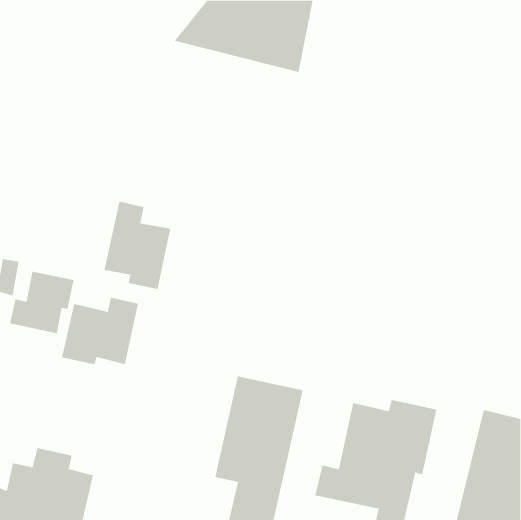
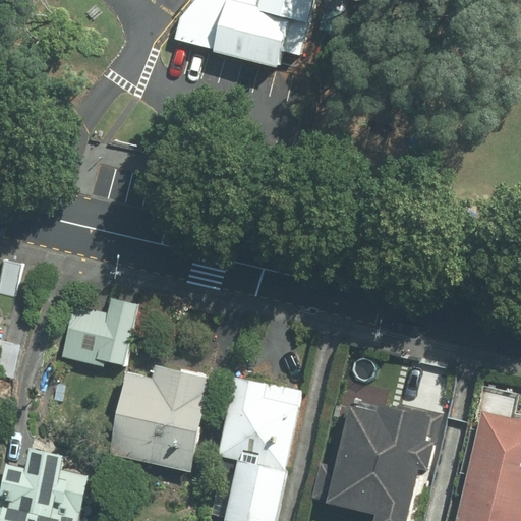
building: [104,201,171,290] -> none
building: [10,271,74,334] -> none
building: none -> [109,365,213,472]

